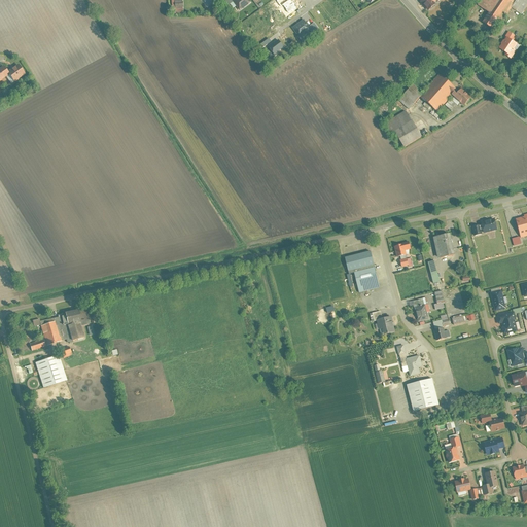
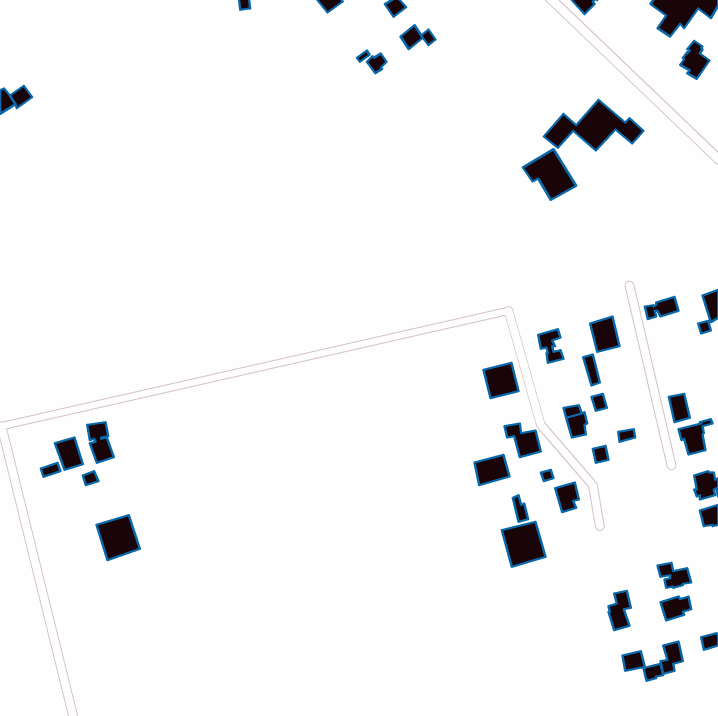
building: [344,249,375,273] -> none
building: none -> [475,455,509,485]
building: [36,353,68,386] -> [96,515,140,560]
building: [409,377,441,410] -> [502,522,545,567]

